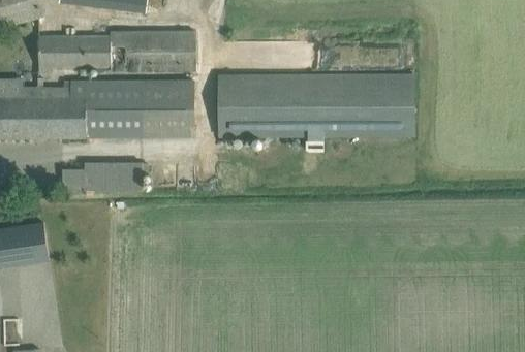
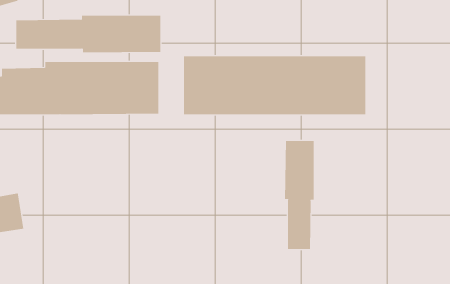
building: [62,162,143,191] -> none
building: none -> [285,140,314,250]

